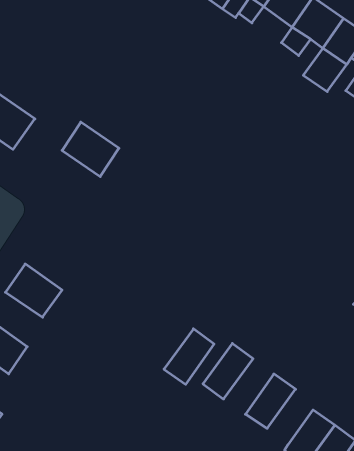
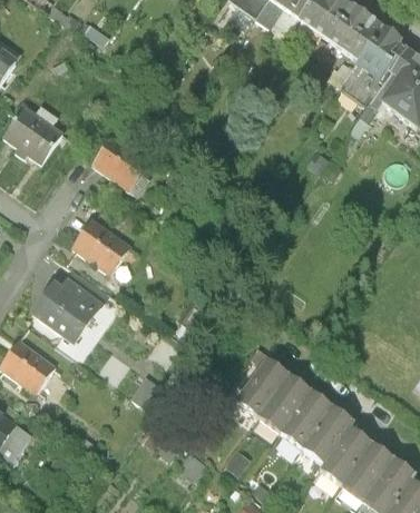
building: none -> [74,219,133,274]
building: [164,329,214,384] -> [258,376,310,433]
building: none -> [303,407,354,464]

